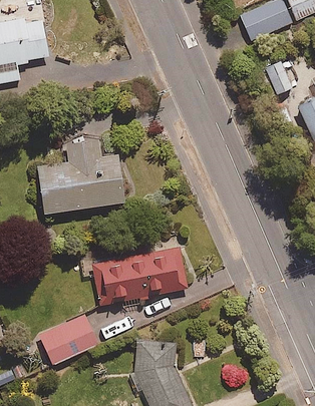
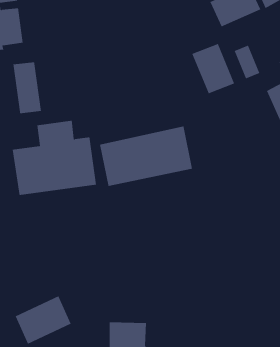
building: none -> [192,43,235,94]
building: none -> [13,61,41,114]
building: [92,246,189,308] -> [99,126,193,187]

